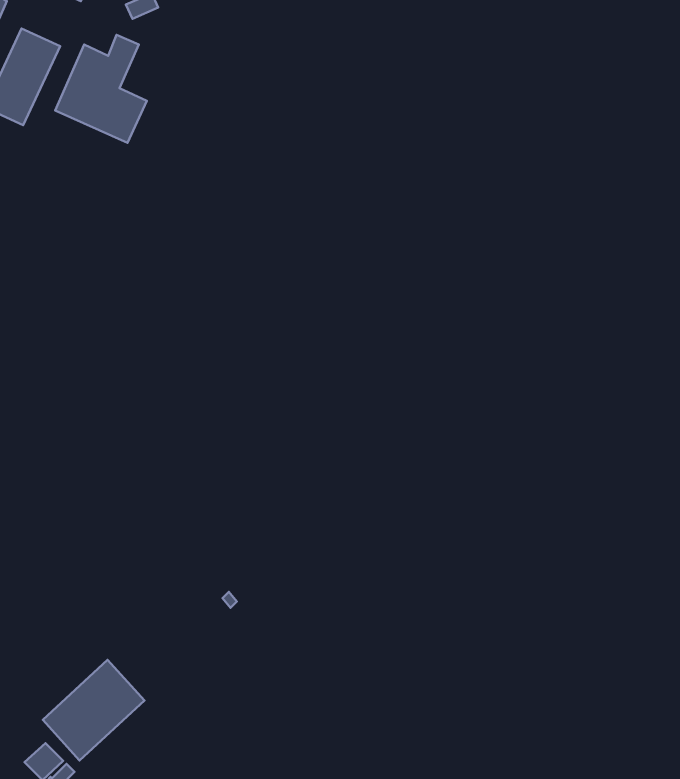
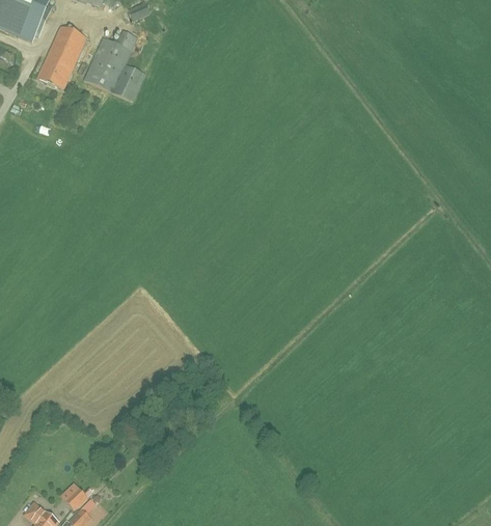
building: [43,660,144,760] -> none

